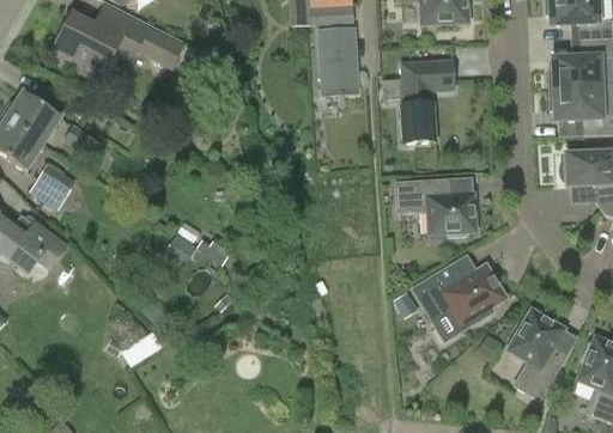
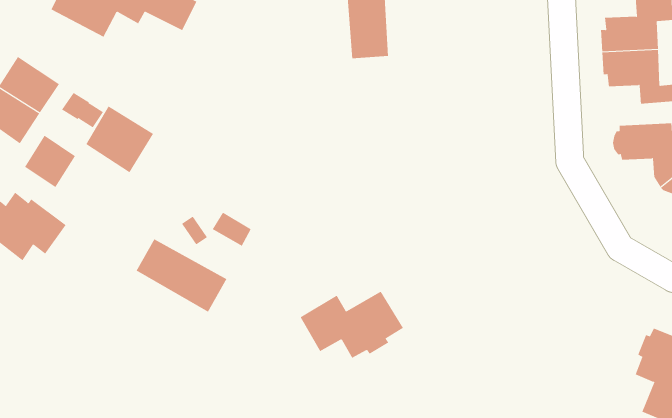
building: [400,59,454,142] -> none
building: none -> [85,106,154,173]
building: [395,177,474,234] -> none
building: none -> [136,239,227,312]
building: [413,263,506,324] -> [300,291,404,359]
building: [508,307,566,398] -> none

